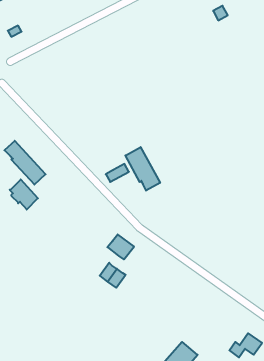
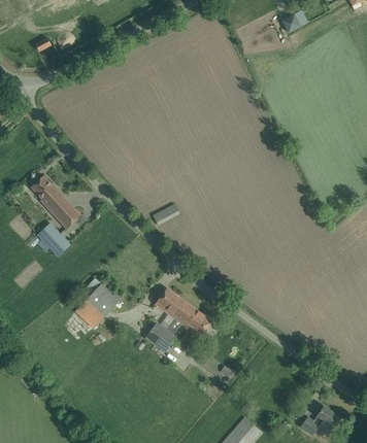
building: [125,147,160,191] -> none
building: none -> [74,278,123,328]
building: none -> [186,302,210,334]

